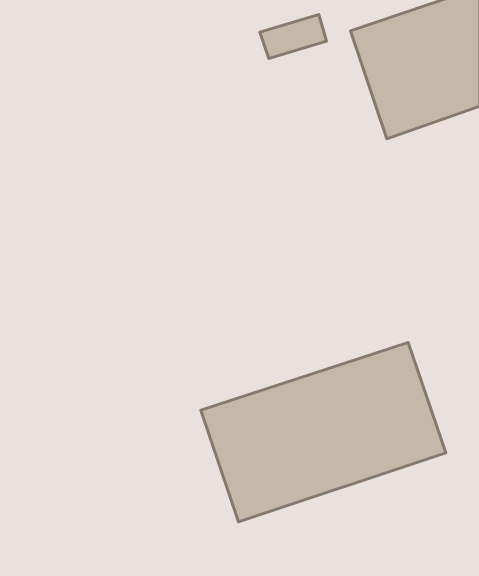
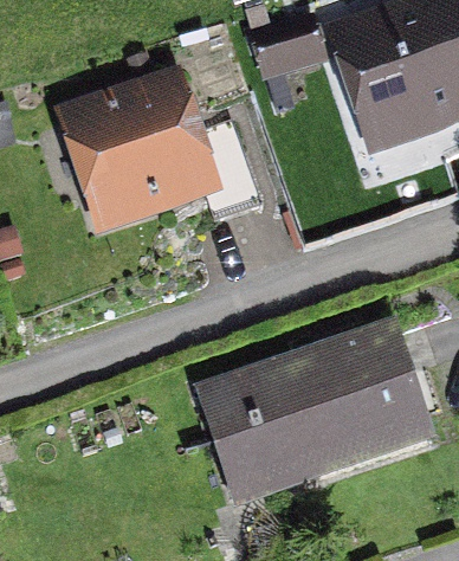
building: none -> [65,83,254,218]

